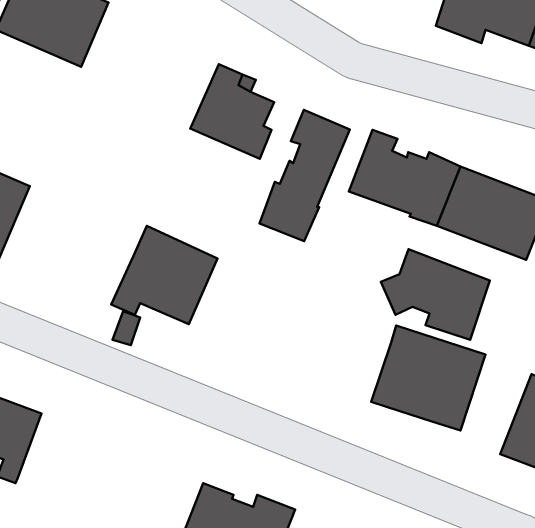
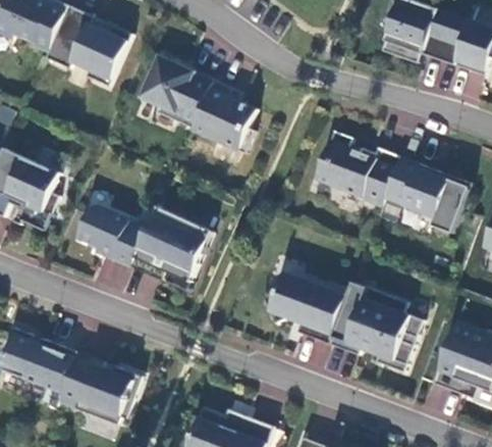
building: none -> [140,53,214,127]
building: [260,110,350,241] -> none
building: none -> [76,204,148,265]
building: [381,249,490,340] -> [263,270,347,341]
building: none -> [58,350,143,423]

